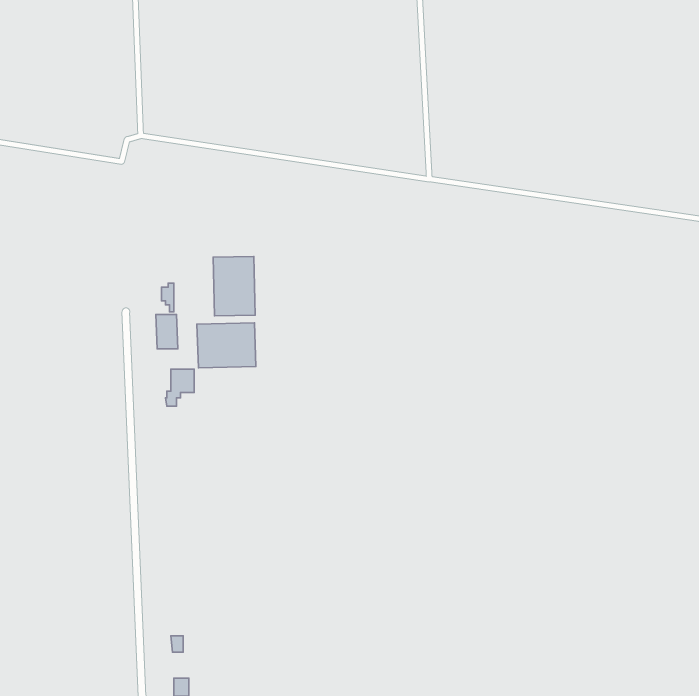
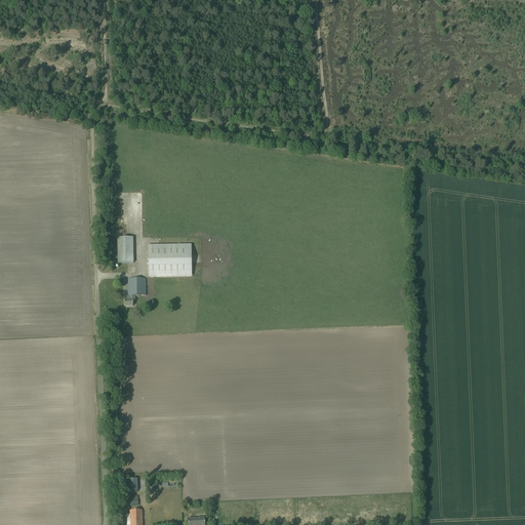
building: [213,257,255,316] -> none

